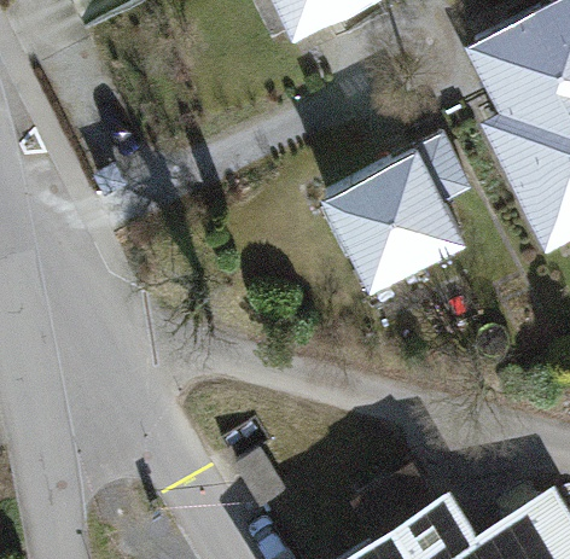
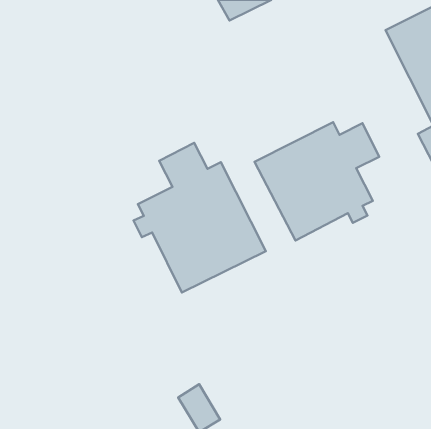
building: none -> [133,143,266,292]

